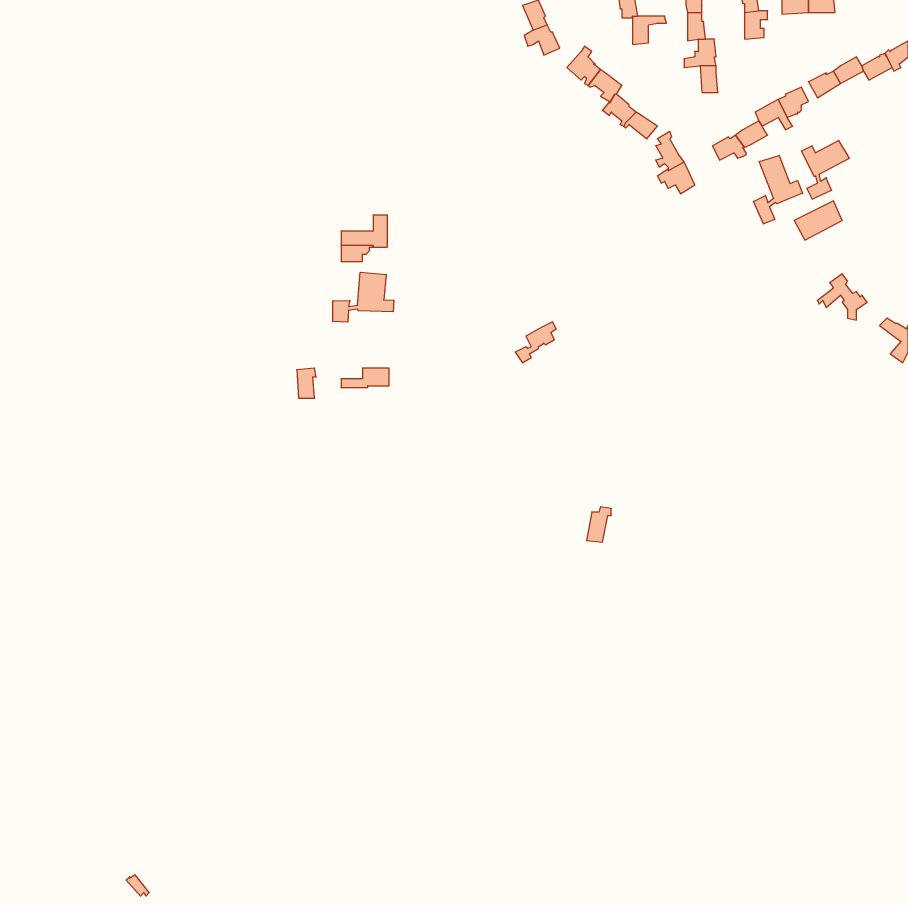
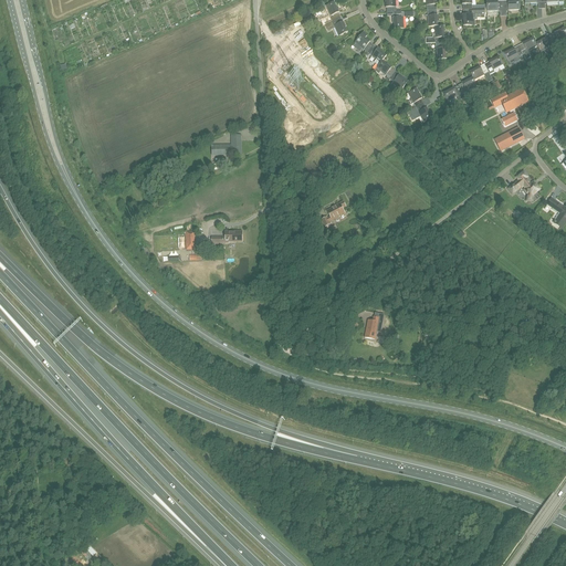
building: [753,155,803,224] -> none
building: [333,272,394,322] -> none

